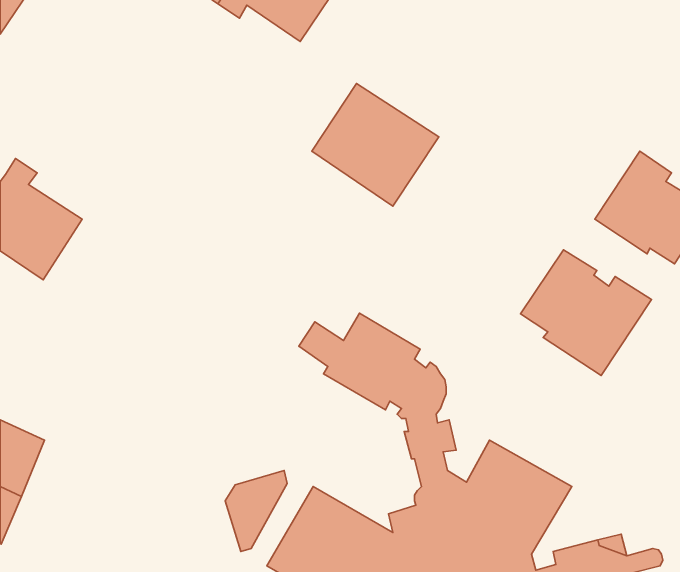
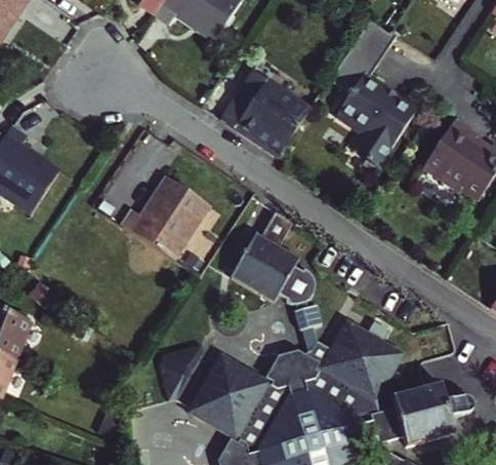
building: none -> [332,18,415,165]
building: none -> [121,178,208,261]
building: [521,250,651,376] -> none

